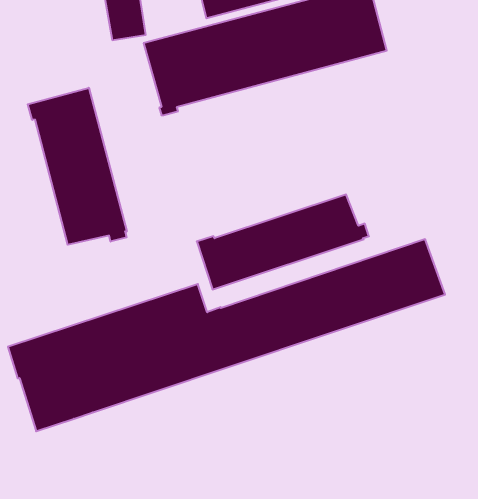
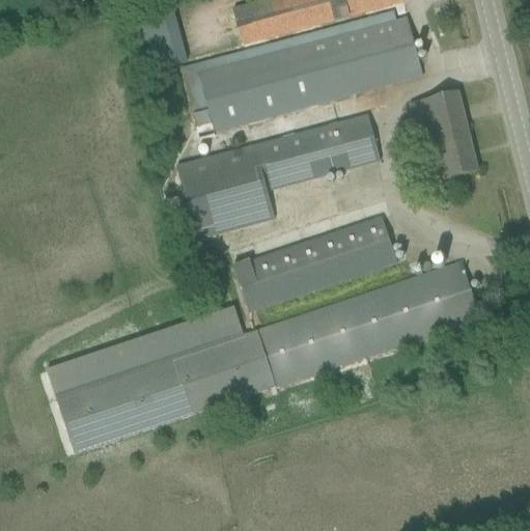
building: none -> [410,90,478,181]
building: [28,88,127,245] -> none
building: none -> [165,112,381,239]

